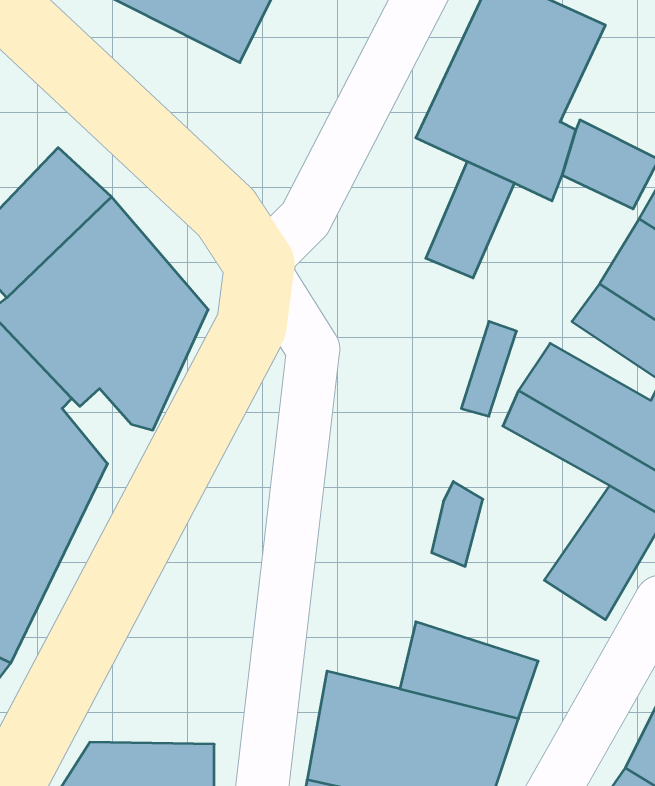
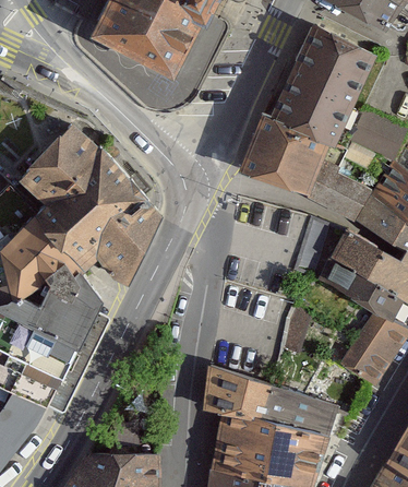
building: none -> [242,115,300,185]
building: none -> [303,143,373,219]
building: none -> [206,367,272,423]

